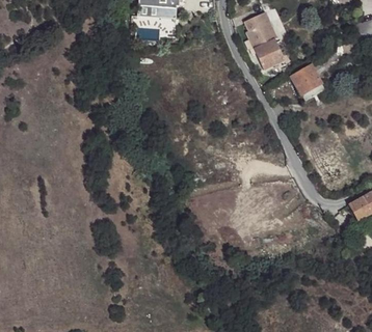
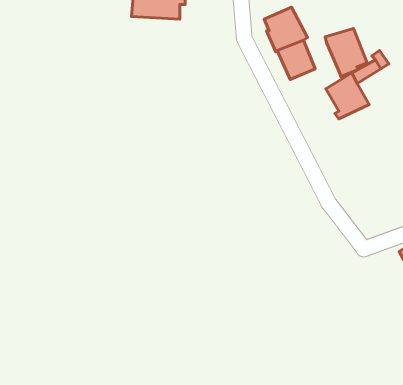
building: none -> [325,29,367,76]

